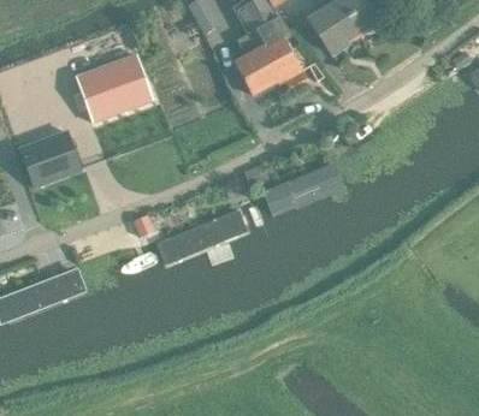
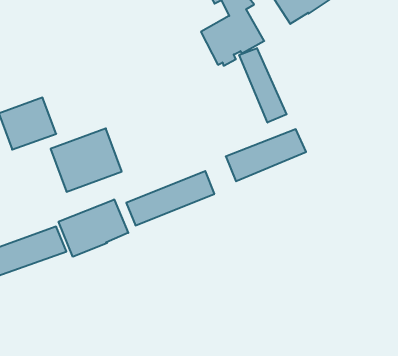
building: [76,54,152,121] -> [51,128,122,192]
building: none -> [239,48,287,123]
building: none -> [59,199,128,257]

